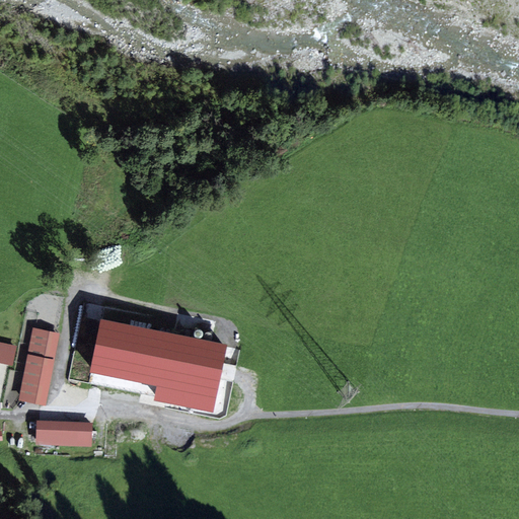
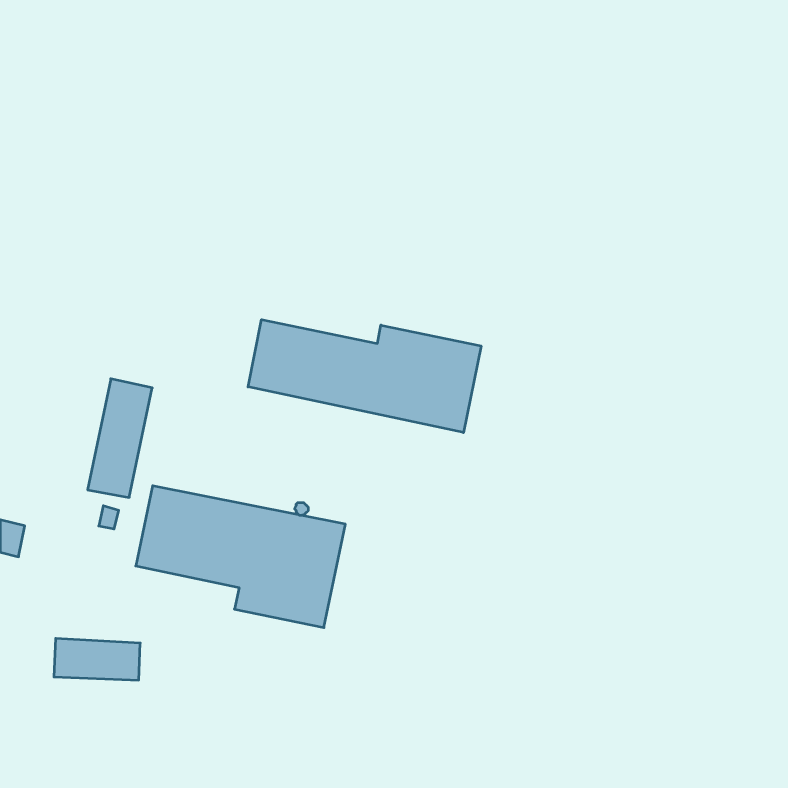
building: none -> [248,320,481,433]
building: [18,327,61,405] -> [88,379,152,497]

